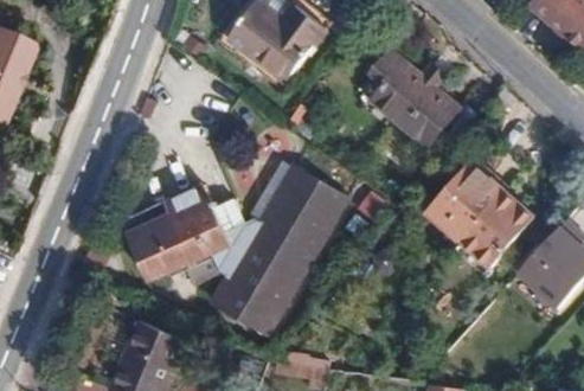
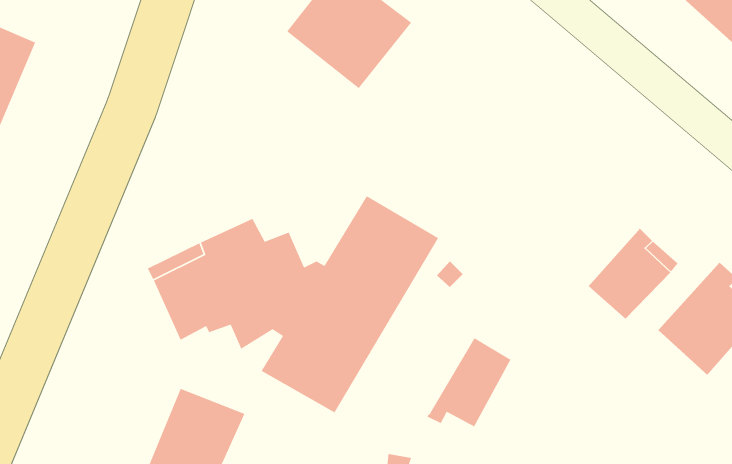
building: [368,60,458,148] -> none
building: [430,162,503,237] -> none
building: none -> [426,337,512,427]

